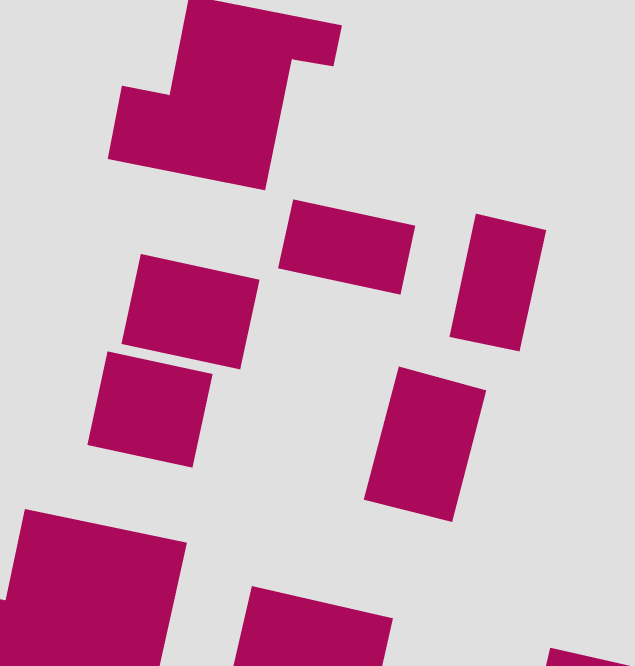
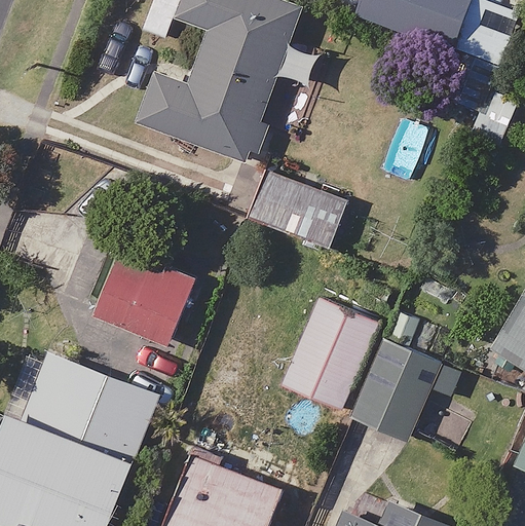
building: [449,213,547,352] -> none
building: [121,253,260,370] -> none
building: none -> [347,337,463,446]

